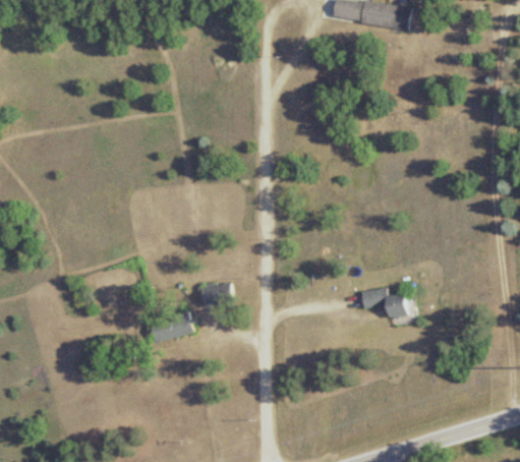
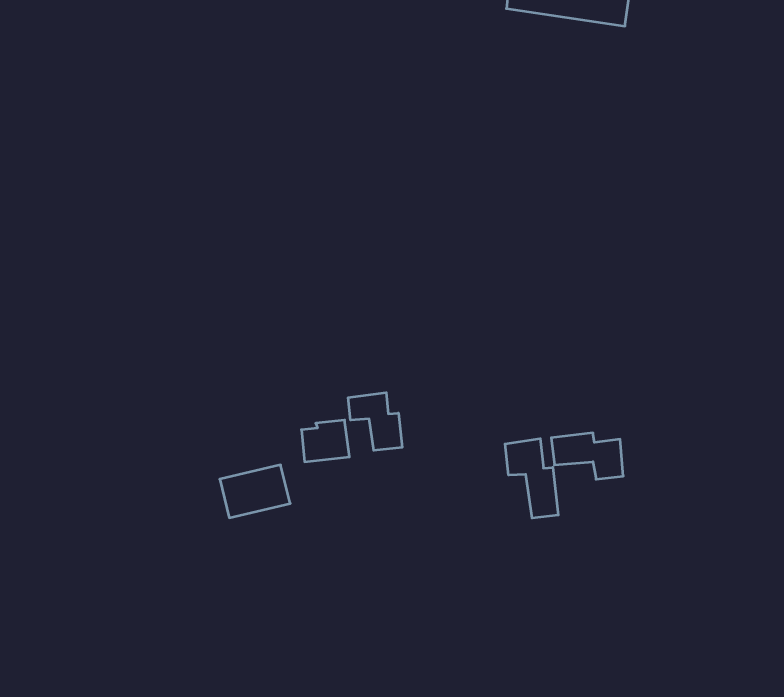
building: none -> [348,393,402,450]
building: none -> [505,439,558,518]

